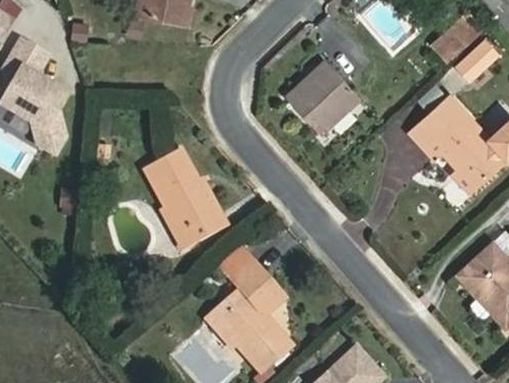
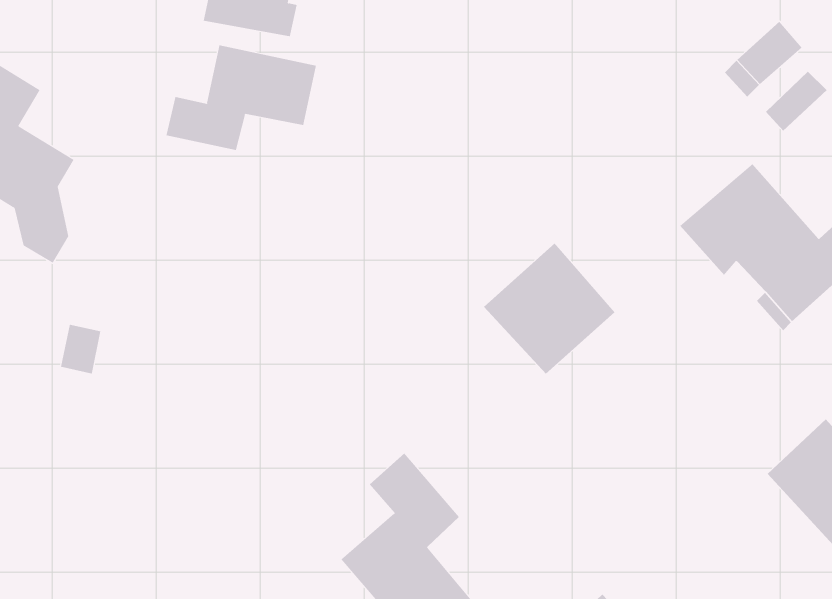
building: none -> [166,45,317,151]
building: [284,61,359,136] -> [483,243,615,375]
building: [142,148,227,242] -> none

